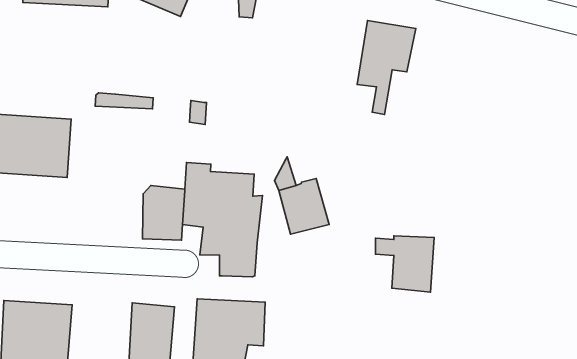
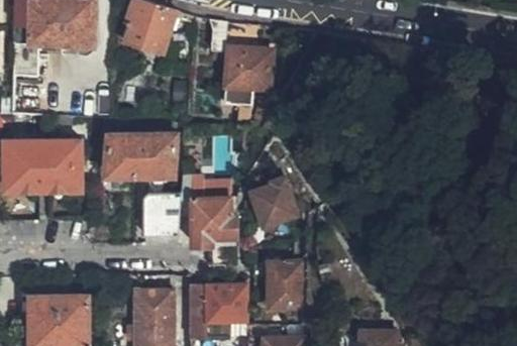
building: [357,20,416,114] -> [223,46,269,123]
building: none -> [102,135,169,177]
building: [375,236,434,292] -> [254,259,303,305]

